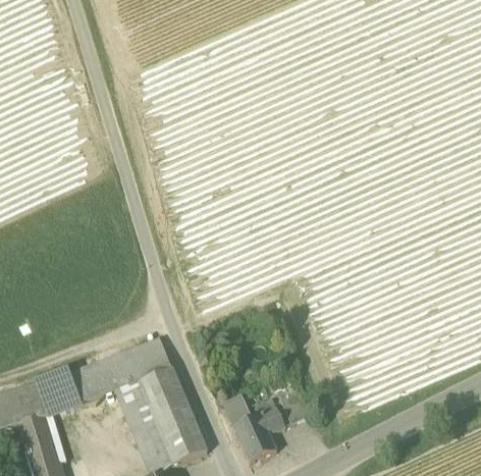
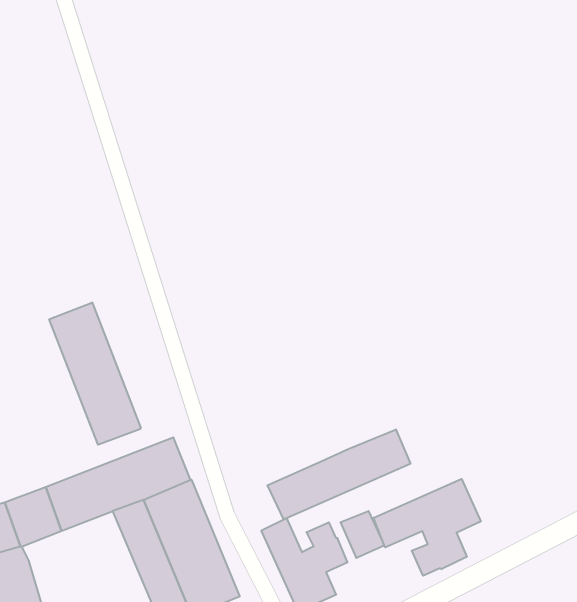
building: none -> [49,302,141,445]
building: none -> [267,429,410,519]
building: none -> [373,479,481,576]

